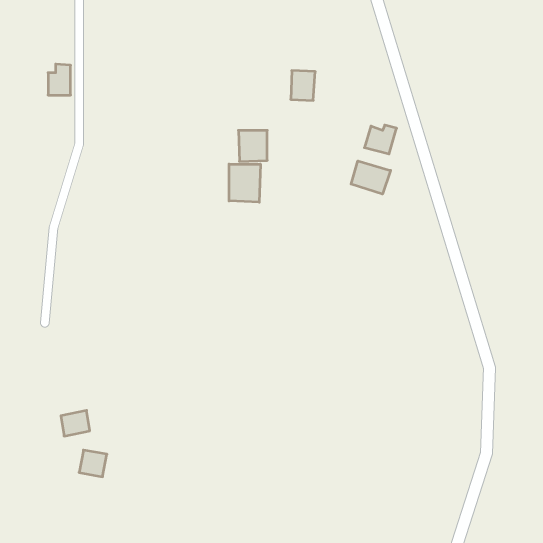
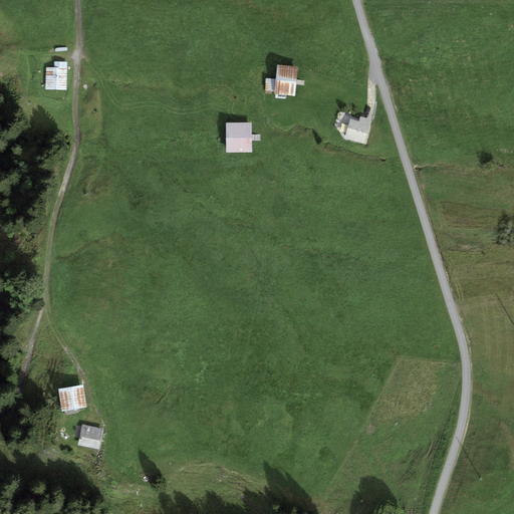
building: [351,161,391,194] -> none
building: [229,164,260,202] -> none

